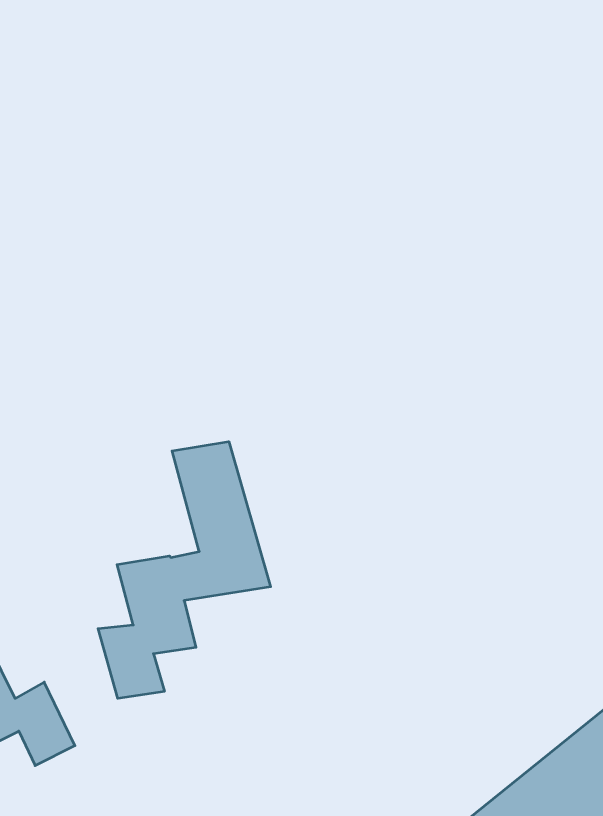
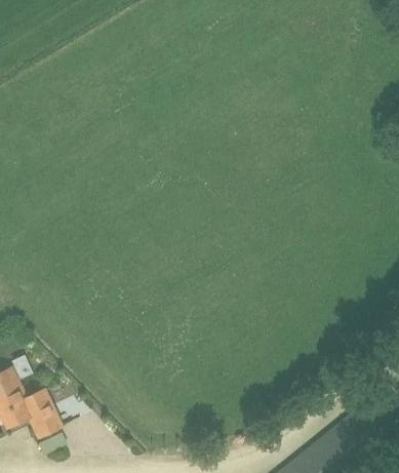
building: [98,442,271,698] -> none

